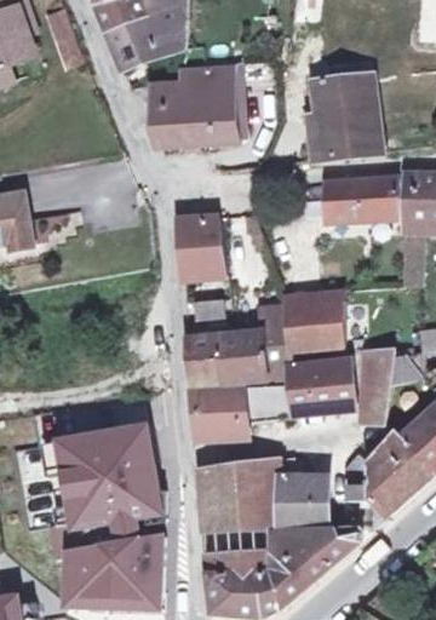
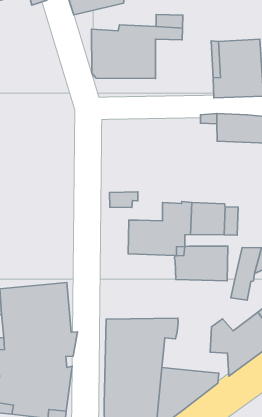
building: [174,216,226,280] -> none
building: [185,334,223,383] -> none
building: [190,383,291,438] -> none
building: [282,476,326,526] -> none

